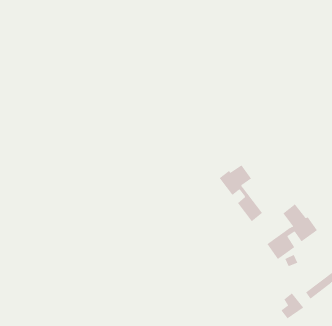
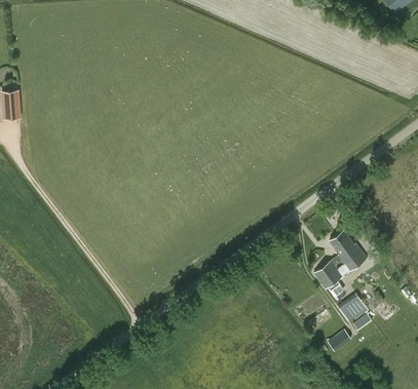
building: [219,164,263,222] -> none
building: none -> [338,293,368,321]

